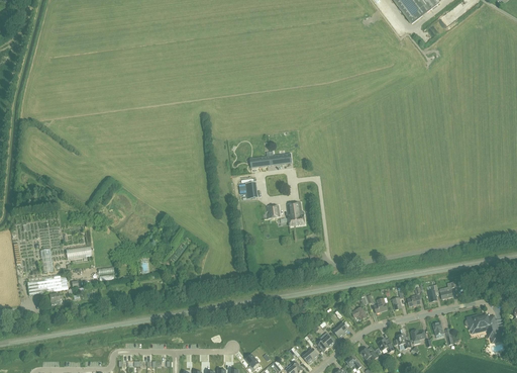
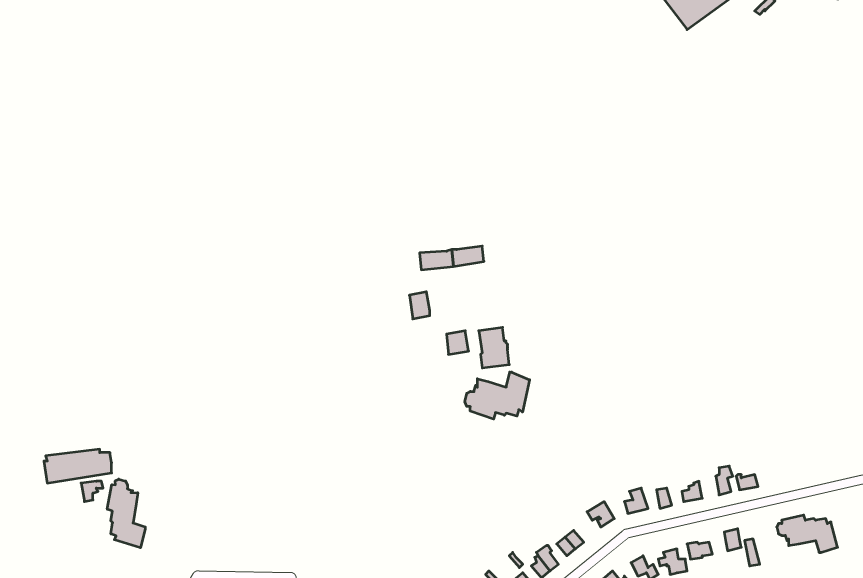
building: none -> [465,372,530,419]
building: none -> [107,479,145,548]

